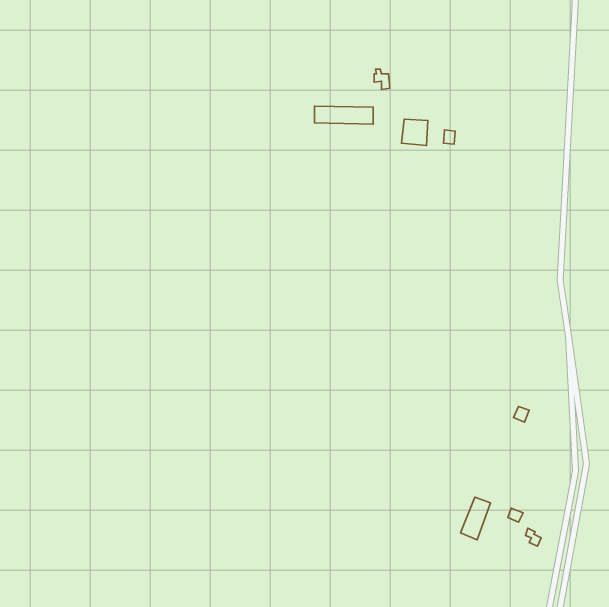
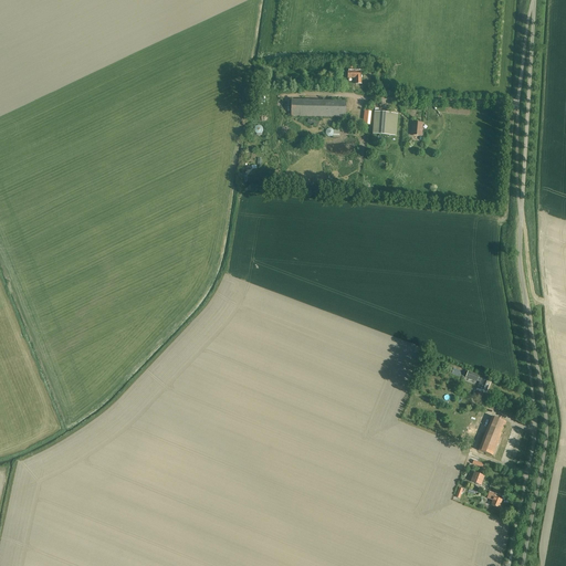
building: [461,497,490,540] -> [478,415,505,454]

